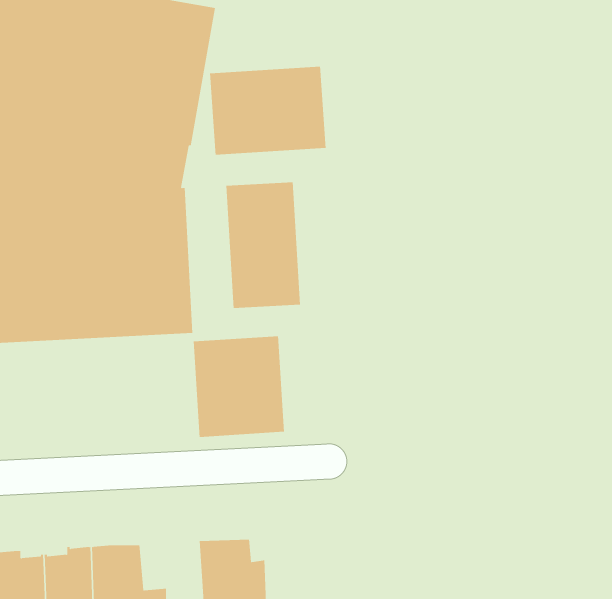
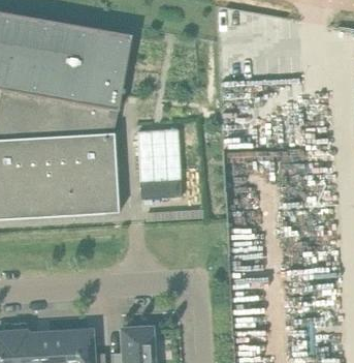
building: [210,66,326,155] -> none
building: [193,335,284,438] -> none

